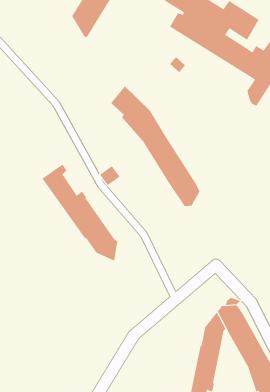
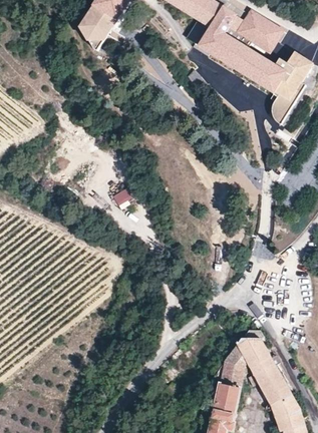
building: [110,86,200,207] -> none
building: [41,164,118,261] -> none

